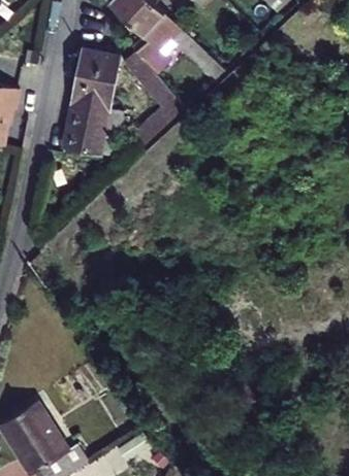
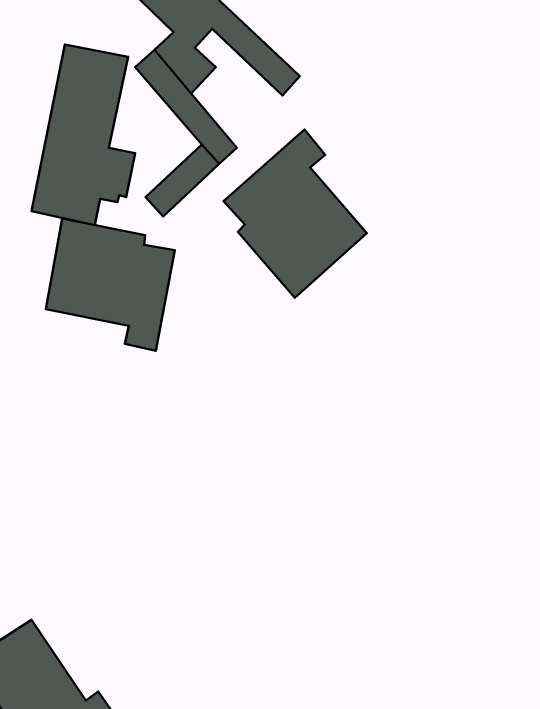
building: none -> [224,130,367,298]
building: none -> [46,219,175,351]

